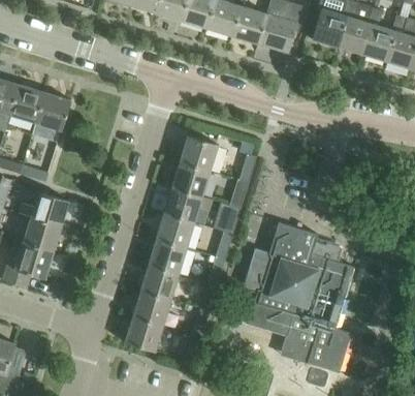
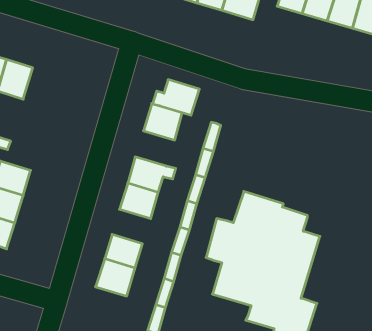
building: [164,162,211,197] -> [152,80,199,115]
building: [149,240,187,274] -> none
building: [125,316,163,352] -> none

